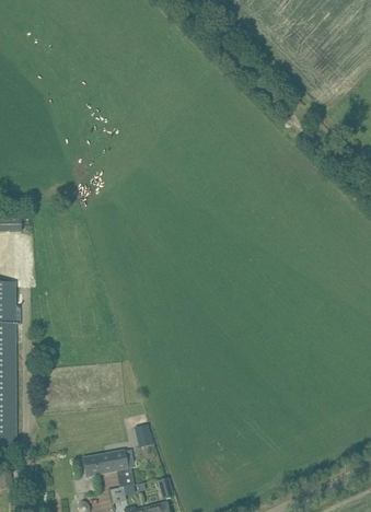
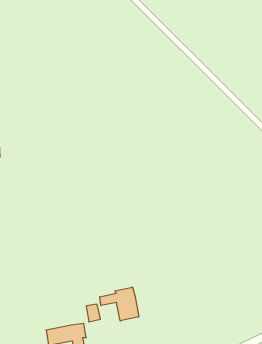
building: none -> [100,287,139,321]

